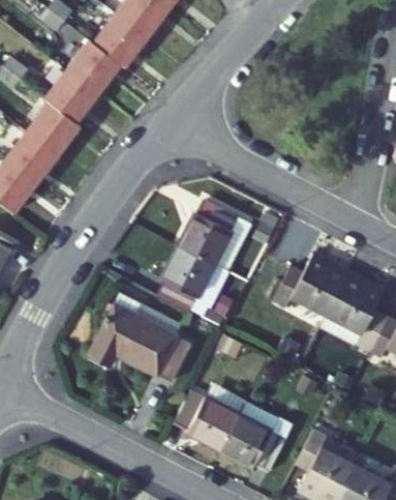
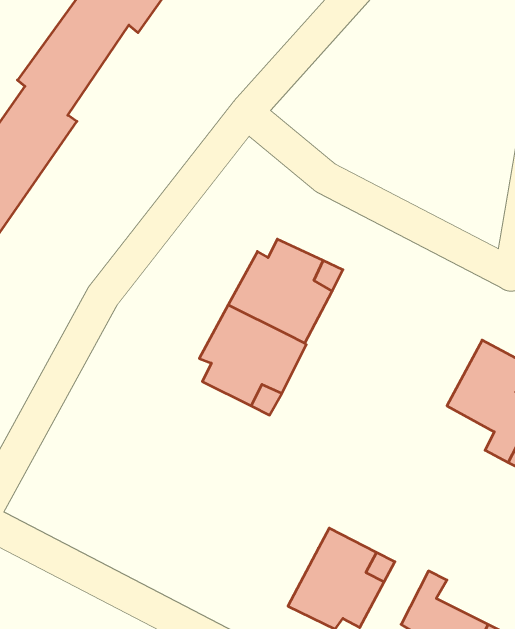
building: [271,254,352,317] -> none
building: [87,290,190,380] -> none
building: [177,381,248,452] -> none

